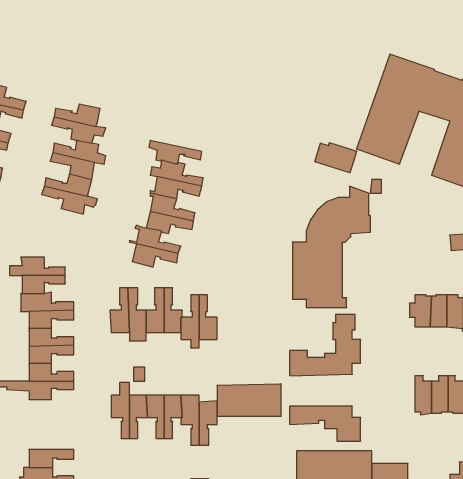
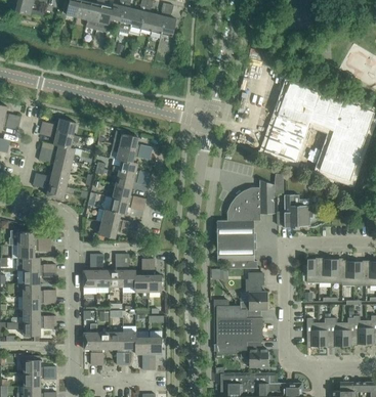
building: none -> [113,127,153,153]
building: [315,143,357,173] -> none
building: none -> [284,194,314,228]
building: [217,384,281,416] -> [215,317,262,341]
building: none -> [24,355,56,372]

